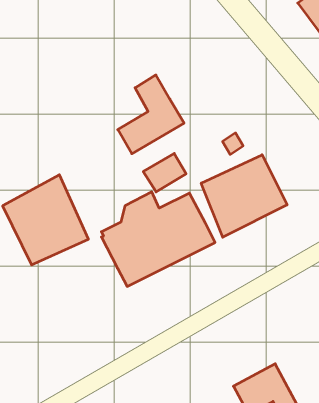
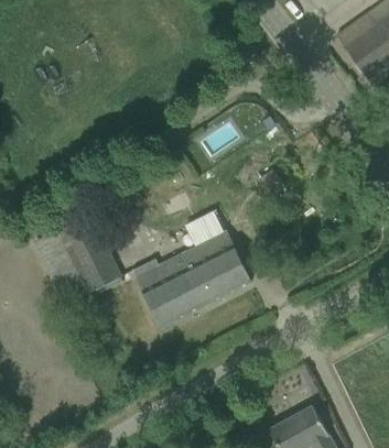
building: [118,75,184,154] -> none
building: [201,155,287,237] -> none

